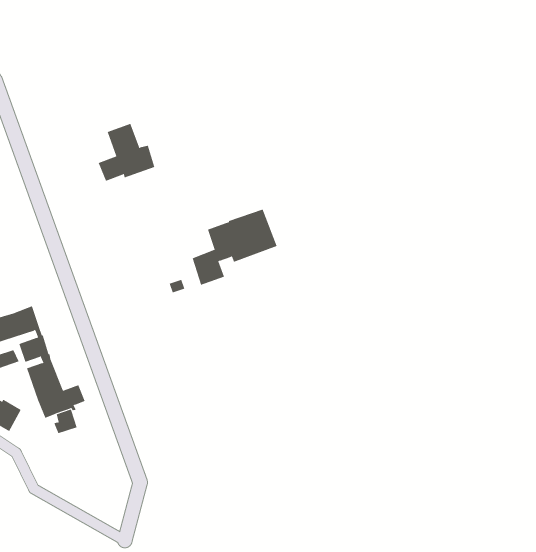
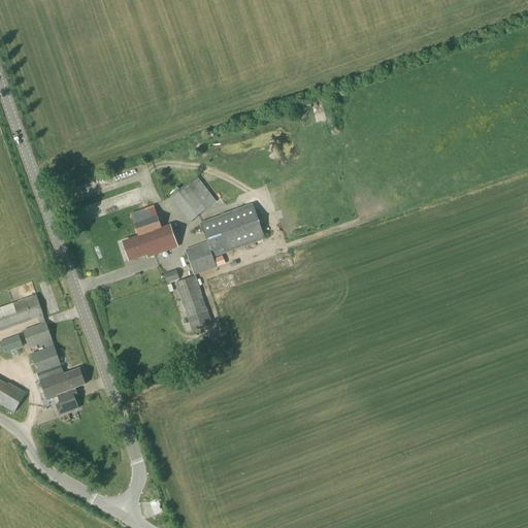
building: [98,123,155,181] -> [122,204,175,259]
building: none -> [169,174,216,221]
building: none -> [173,274,211,330]

